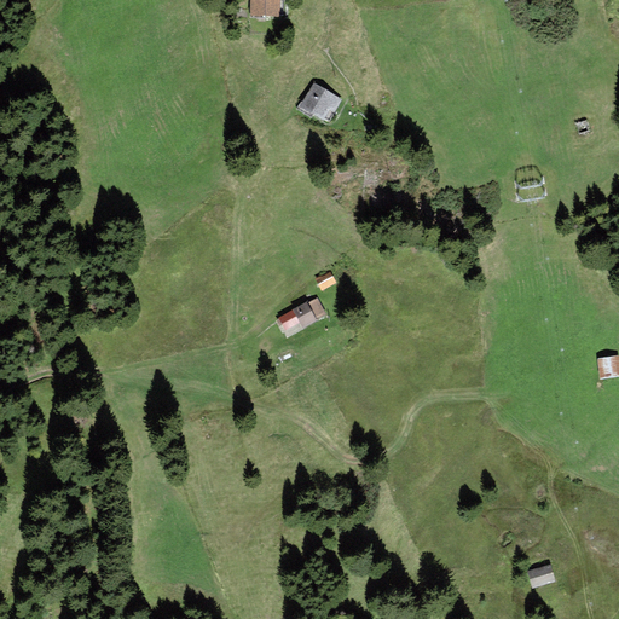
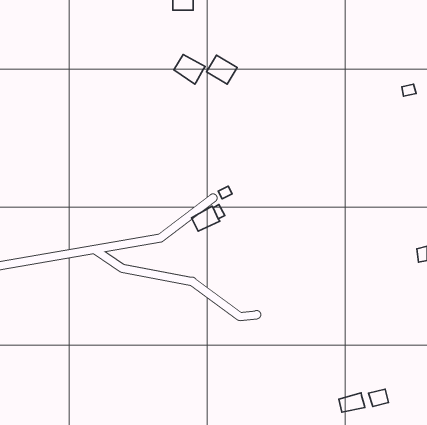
building: none -> [174,54,205,84]
building: none -> [339,393,365,412]

